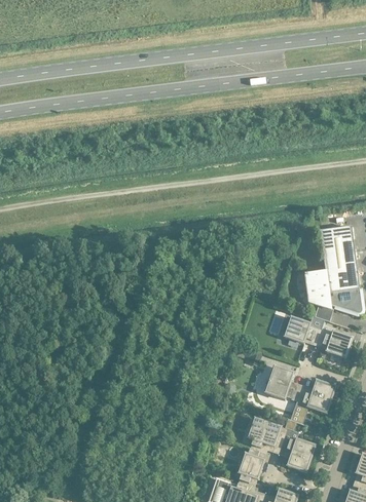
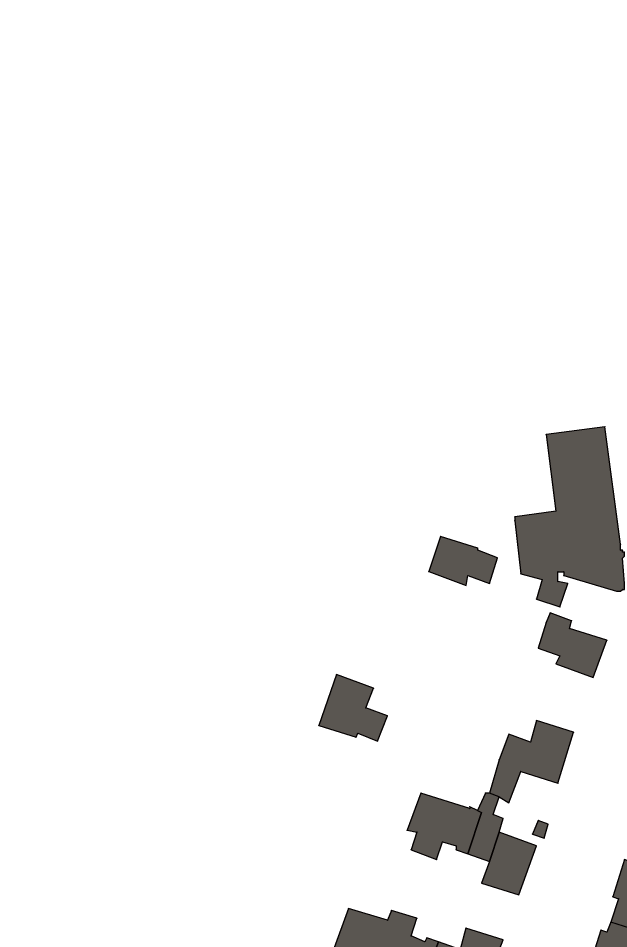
building: [285,317,321,343] -> [429,536,497,585]
building: [265,365,301,400] -> [319,675,387,741]
building: [239,448,264,484] -> none

